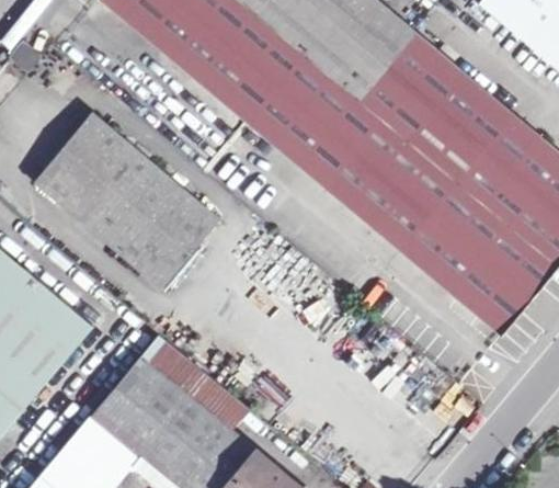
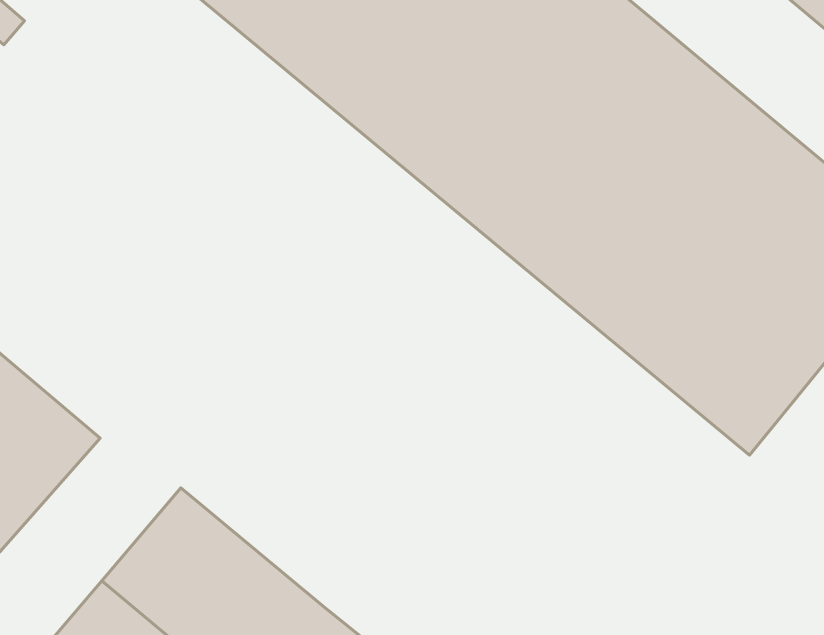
building: [36,114,221,290] -> none
building: [141,334,249,431] -> none

